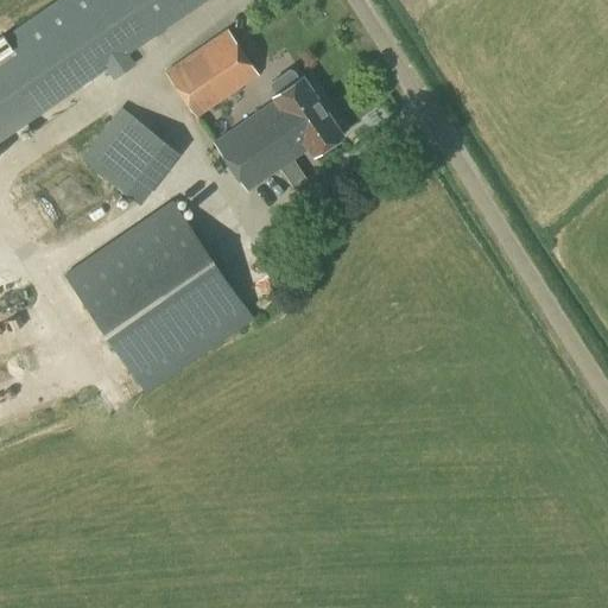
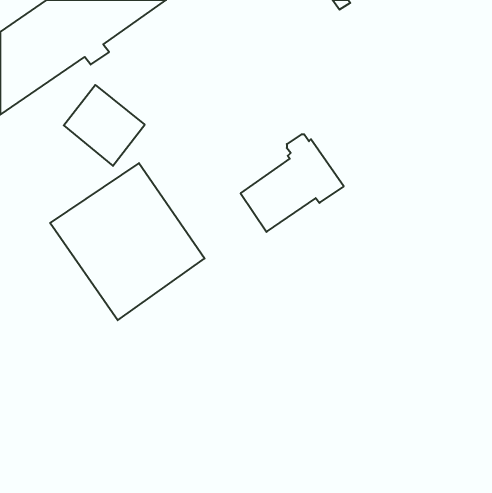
building: [165,30,258,118] -> none
building: [215,70,342,190] -> [241,134,344,232]

